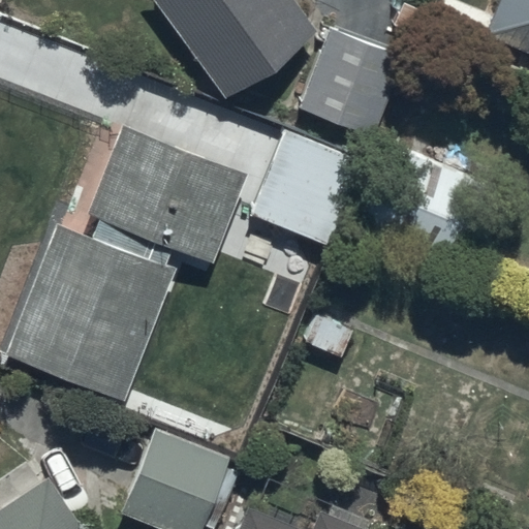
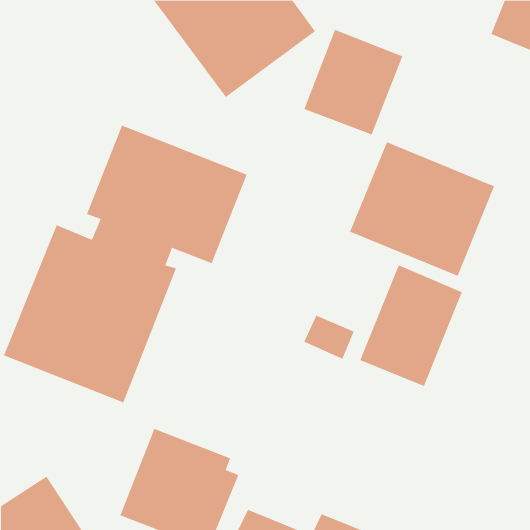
building: [251,130,362,243] -> none
building: none -> [359,265,463,387]

